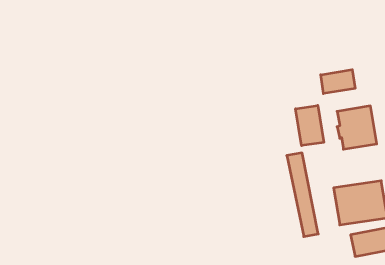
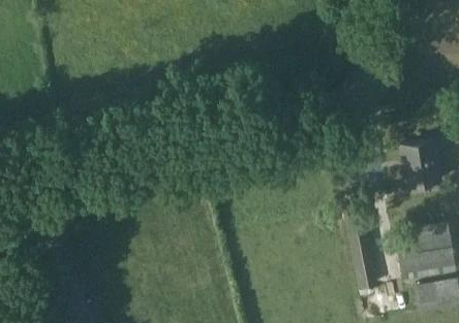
building: [321,70,355,94] -> none
building: [296,105,324,146] -> none

